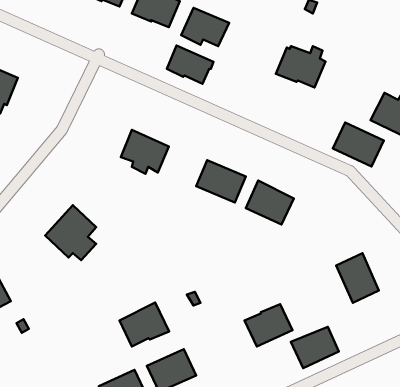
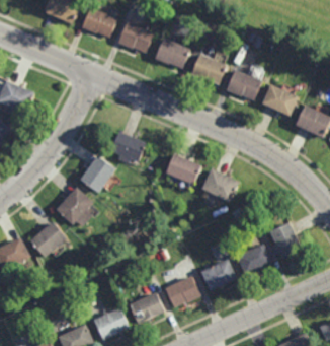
building: [167,45,213,84] -> [192,55,227,83]
building: [333,123,384,166] -> [261,81,299,114]
building: none -> [79,154,115,192]
building: none -> [29,220,66,257]
building: [120,303,169,346] -> [166,275,202,307]
building: [291,327,339,368] -> [236,244,271,274]

